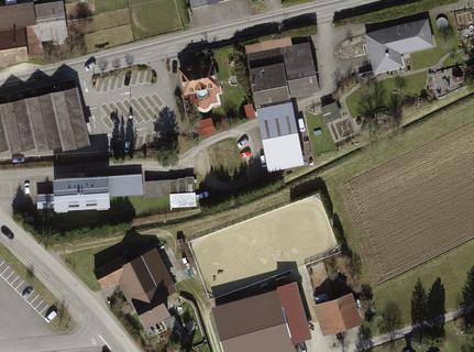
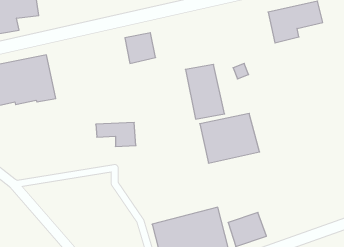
building: [244,43,321,107] -> [200,113,260,163]
building: [35,175,140,211] -> none
building: [93,249,174,327] -> none

